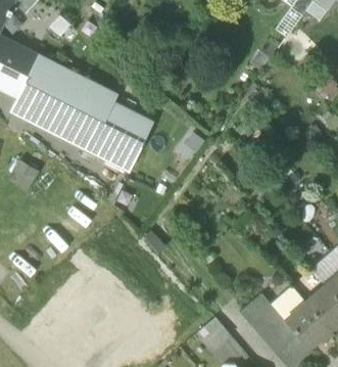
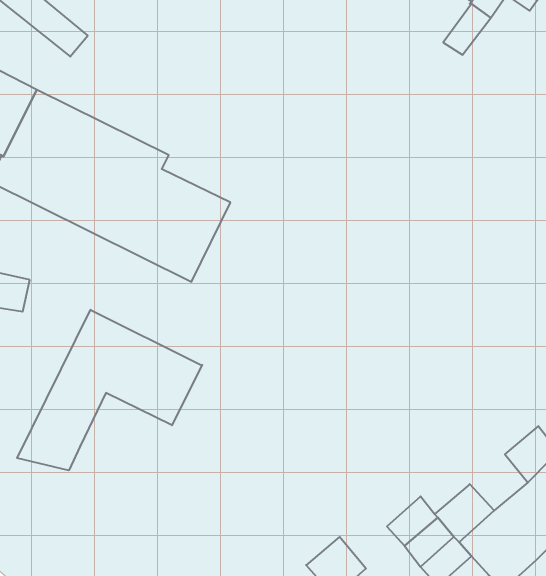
building: none -> [17,310,202,470]

